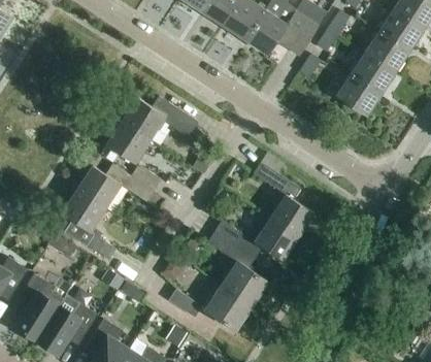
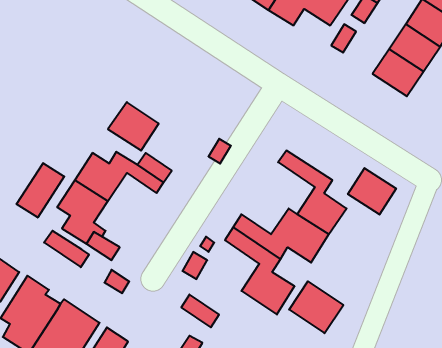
building: [122,97,198,140] -> none
building: none -> [17,163,64,218]
building: none -> [348,168,396,215]
building: [205,287,253,332] -> [289,281,343,333]

